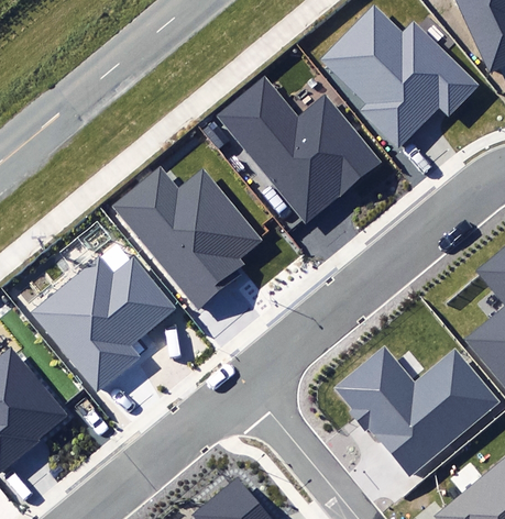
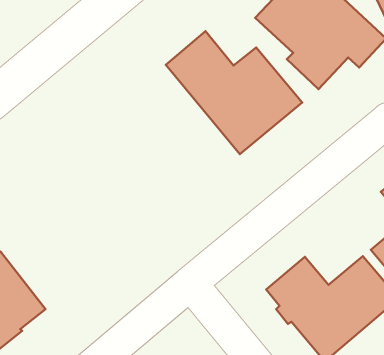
building: [113,169,259,309] -> none
building: [29,255,174,394] -> none

